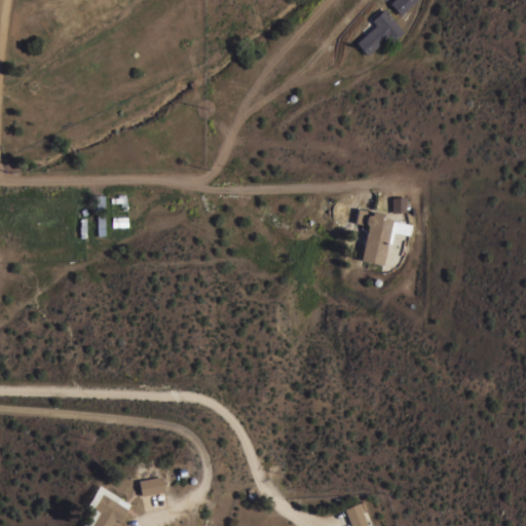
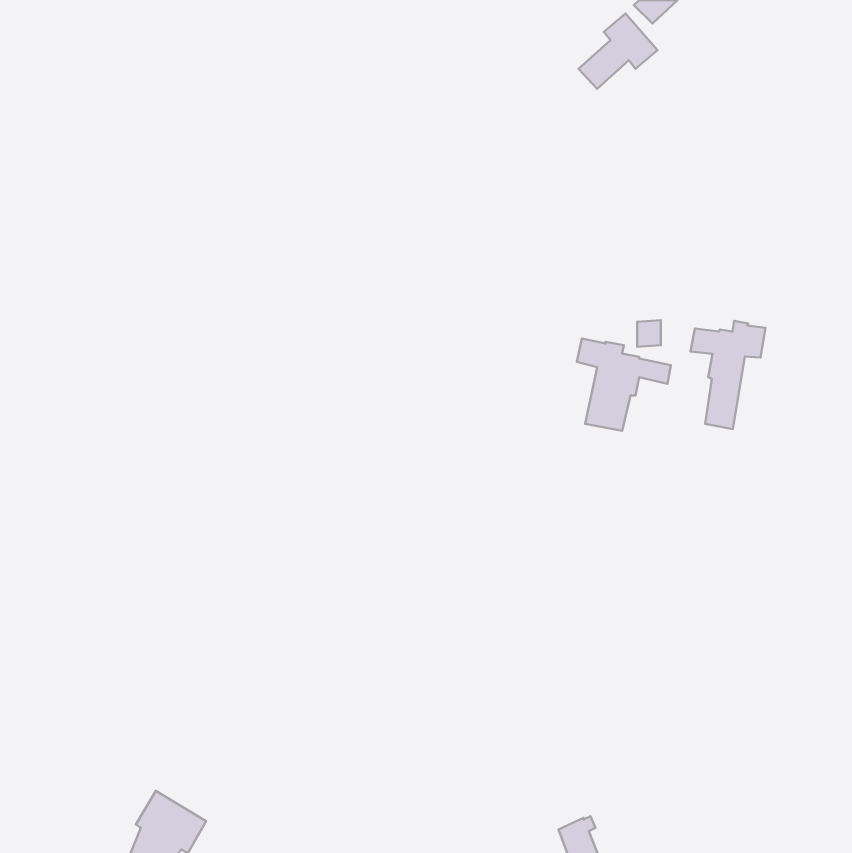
building: none -> [691,321,765,429]
building: [138,468,165,497] -> none

